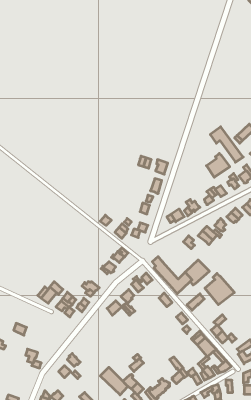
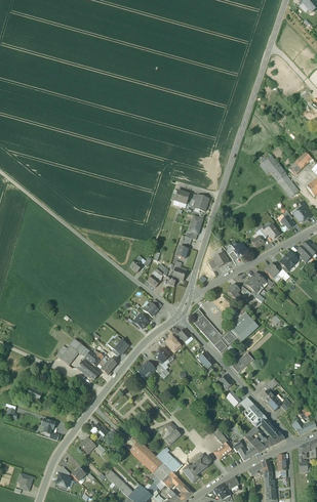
building: [206,153,230,177] -> none
building: [205,273,234,305] -> none

